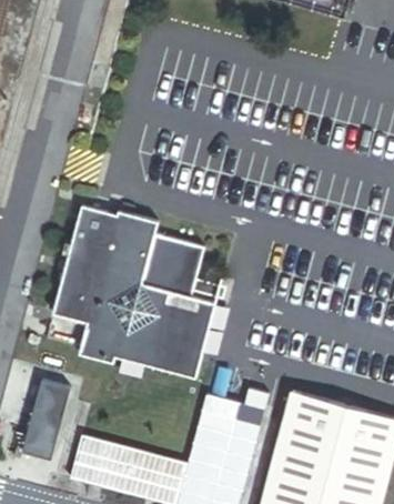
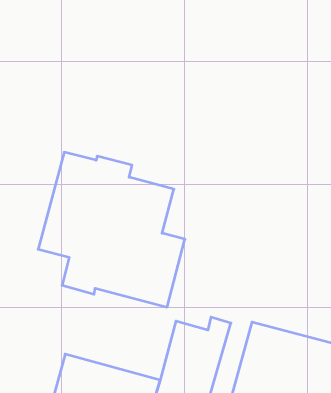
building: [21,380,70,460] -> none

